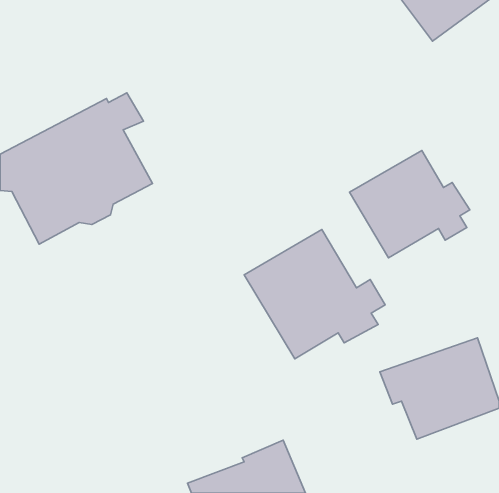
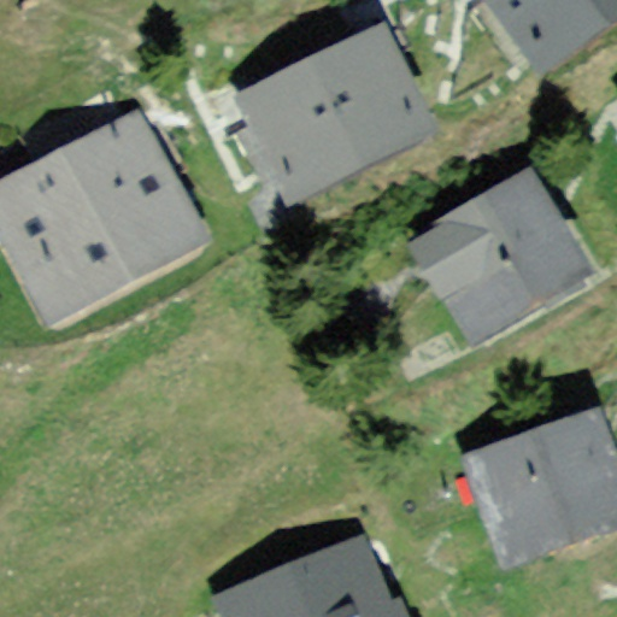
building: none -> [245,30,418,177]
building: [244,230,385,359] -> none

